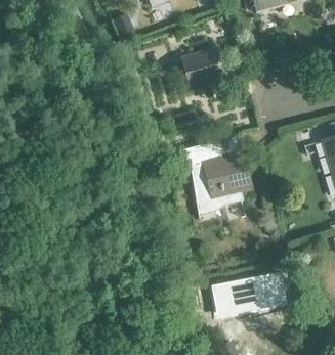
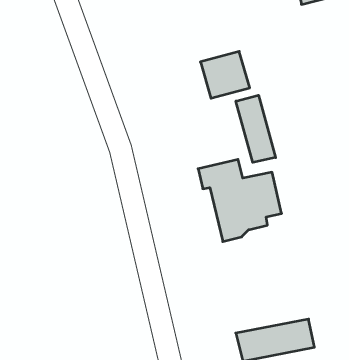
building: none -> [236,95,276,162]

